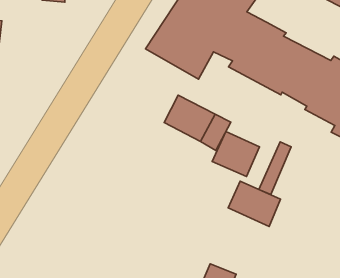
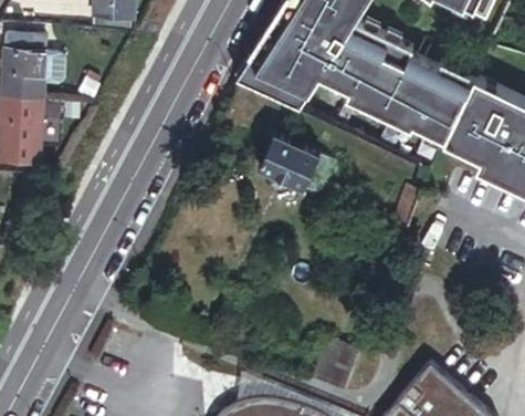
building: [212,132,259,177] -> none
building: [228,181,281,226] -> none

